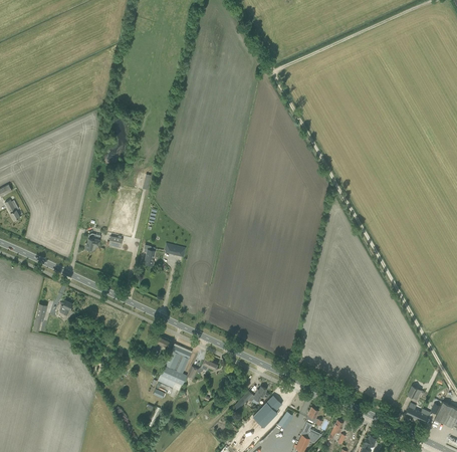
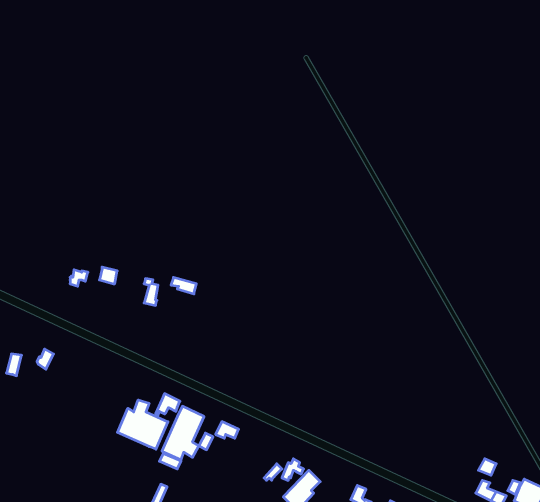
building: none -> [117,400,168,449]

